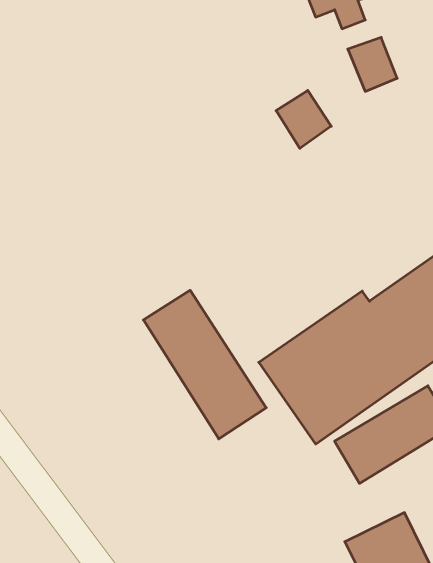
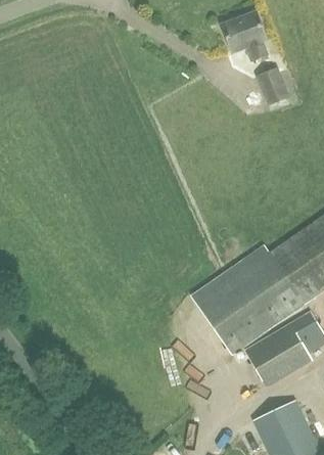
building: [276,90,331,148] -> none
building: [143,290,266,439] -> none

